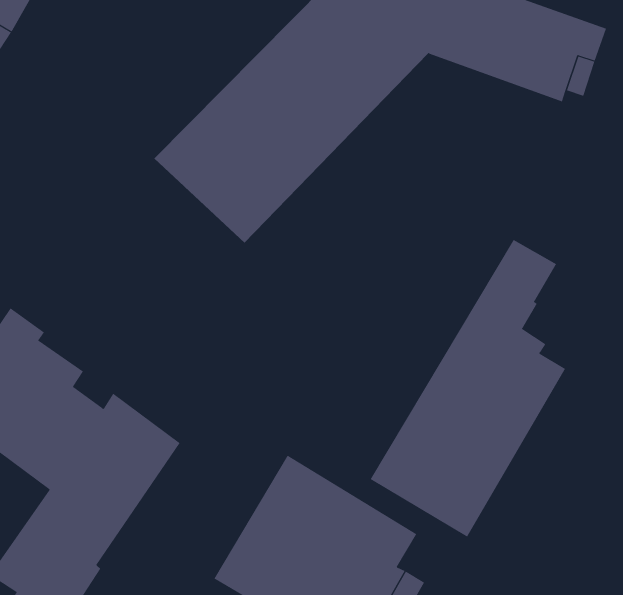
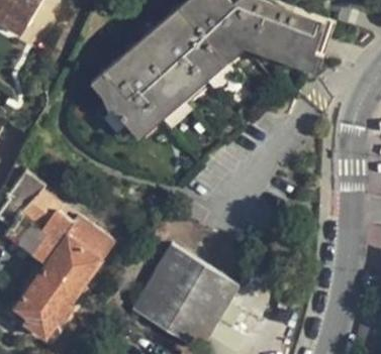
building: [370,239,566,537] -> none

